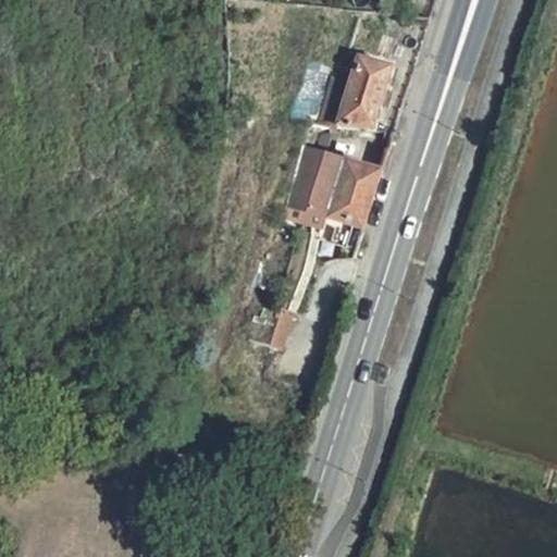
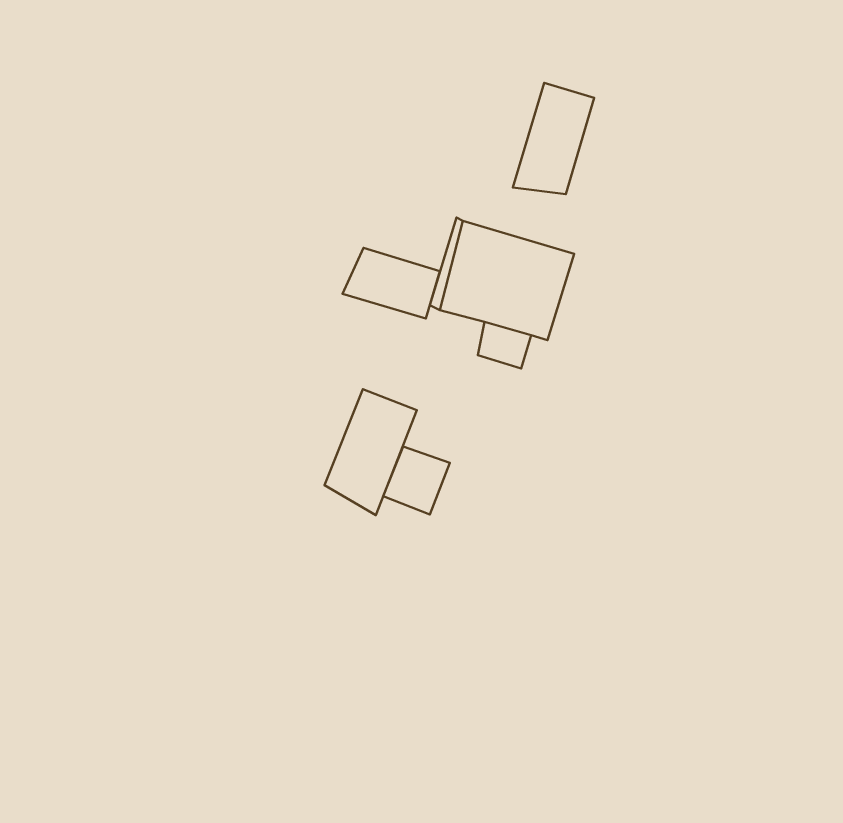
building: none -> [342,248,440,318]
building: none -> [324,389,417,515]

